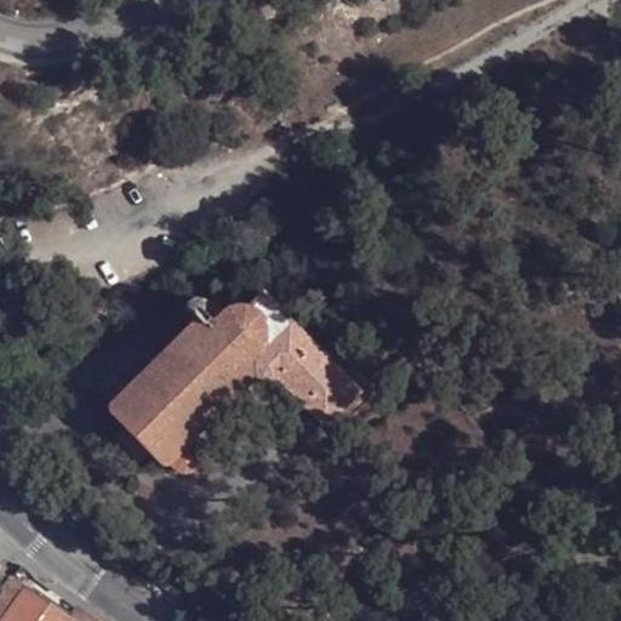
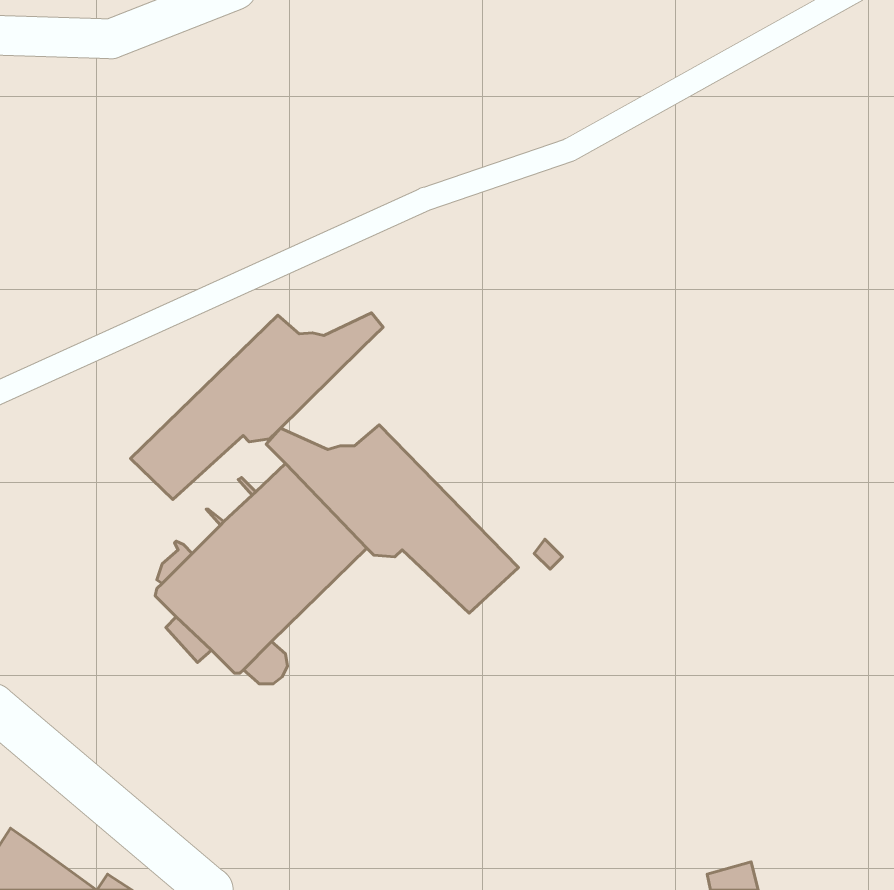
building: none -> [130,313,383,500]

